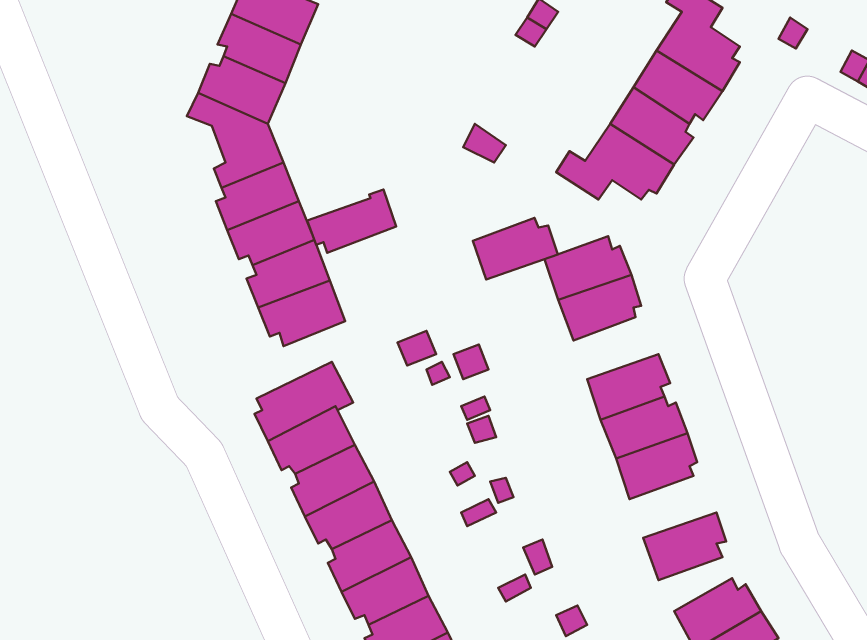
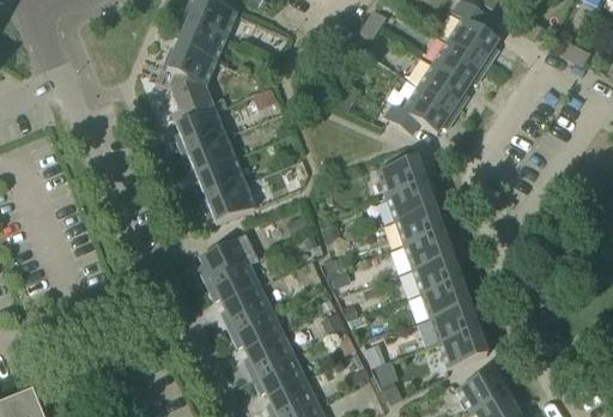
building: [307,189,396,253] -> none
building: [473,218,558,280] -> [395,205,448,243]
building: none -> [430,303,484,342]

